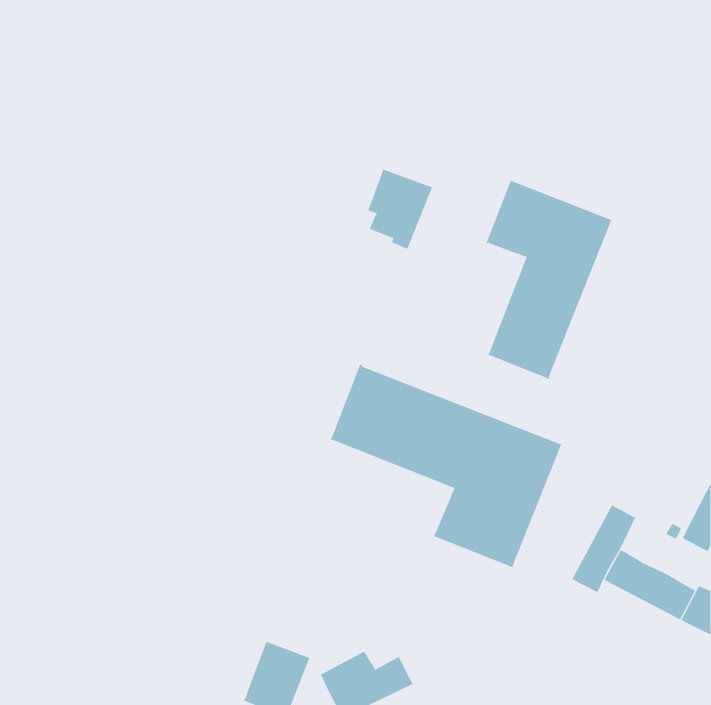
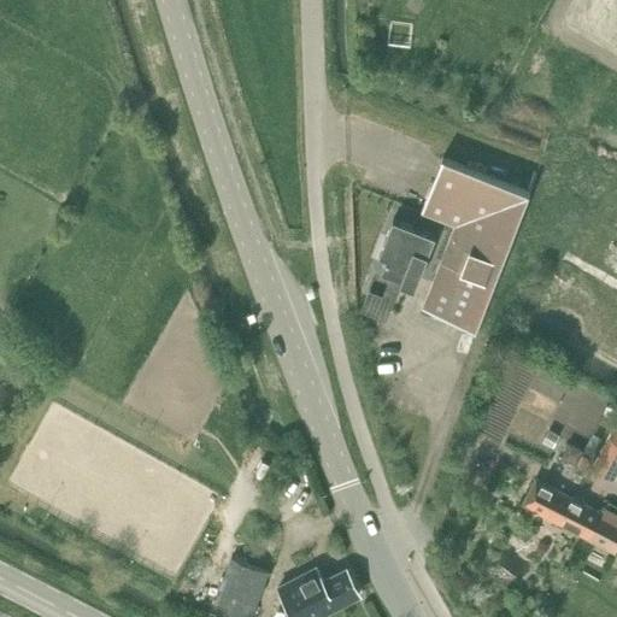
building: [368,169,433,250] -> [380,223,436,293]
building: [330,364,562,568] -> none
building: [572,504,636,593] -> none

